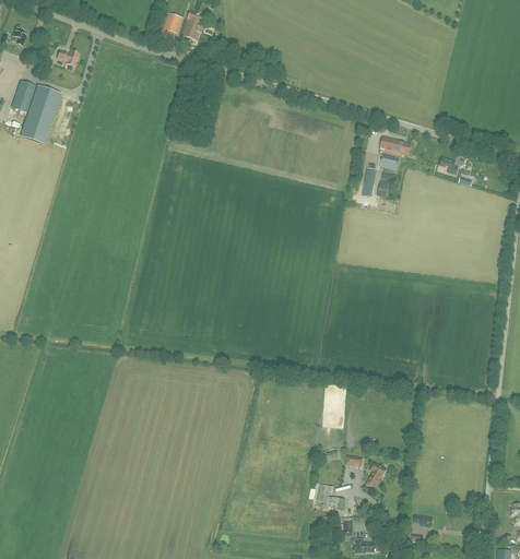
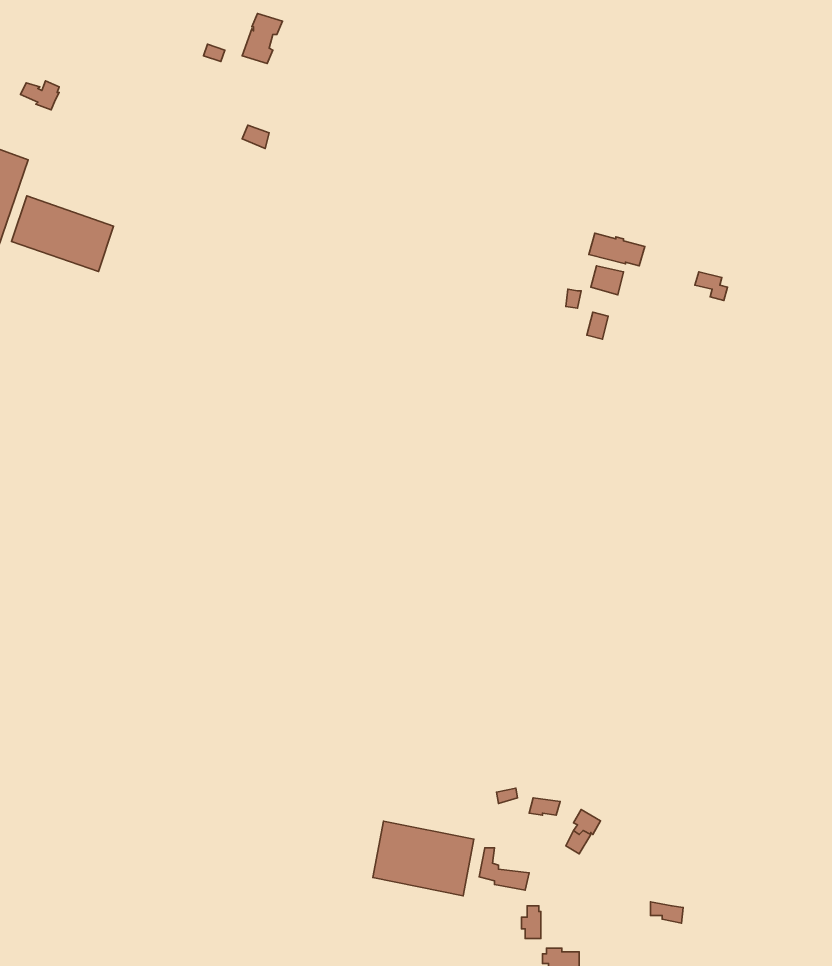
building: none -> [12,196,114,272]
building: none -> [373,821,474,896]

